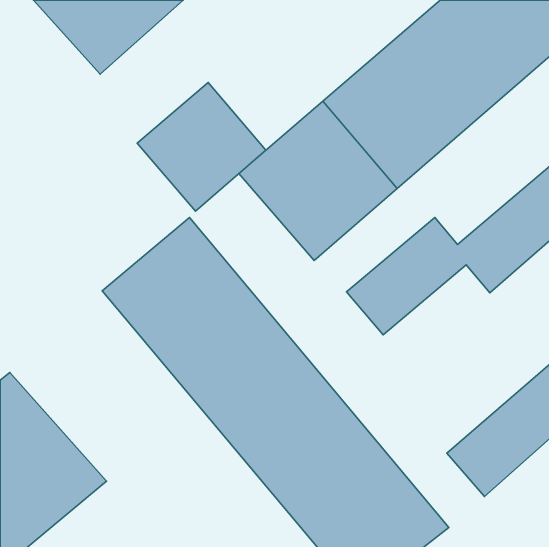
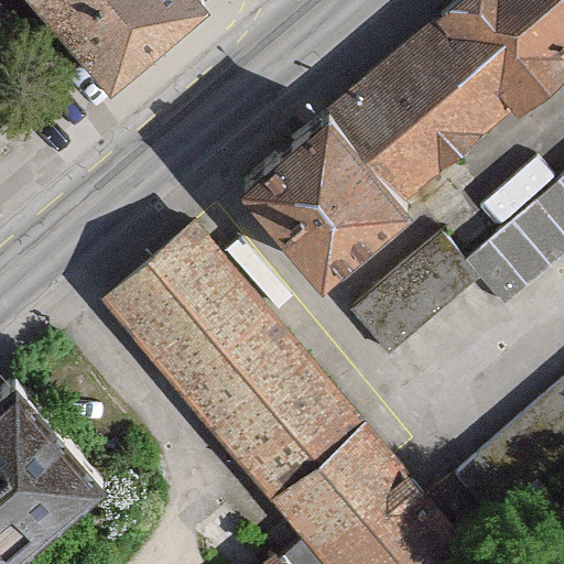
building: [137,82,266,211] -> none

